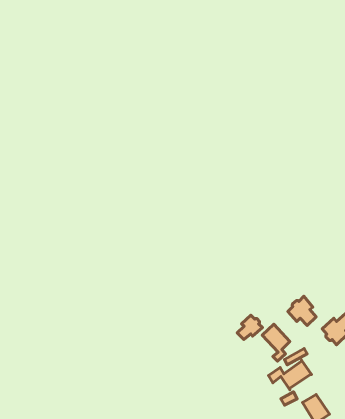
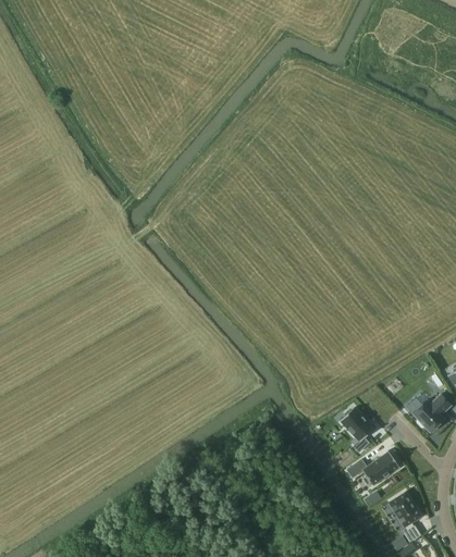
building: [288,296,316,325] -> none
building: [237,315,263,340] -> none

